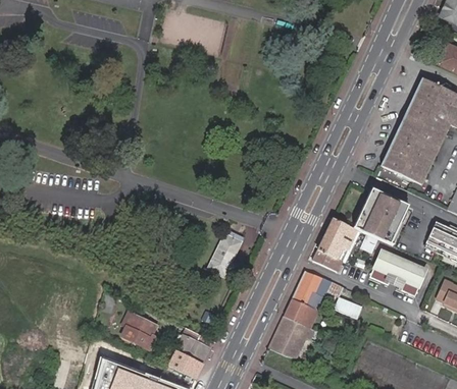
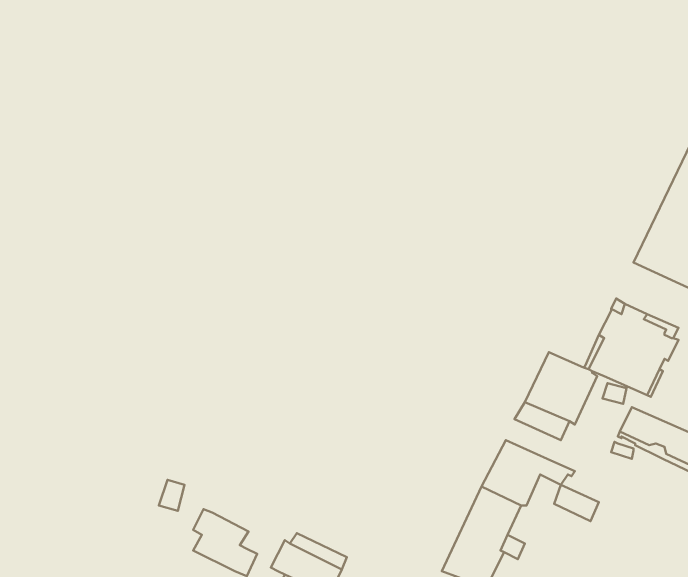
building: [207,229,243,276] -> none

